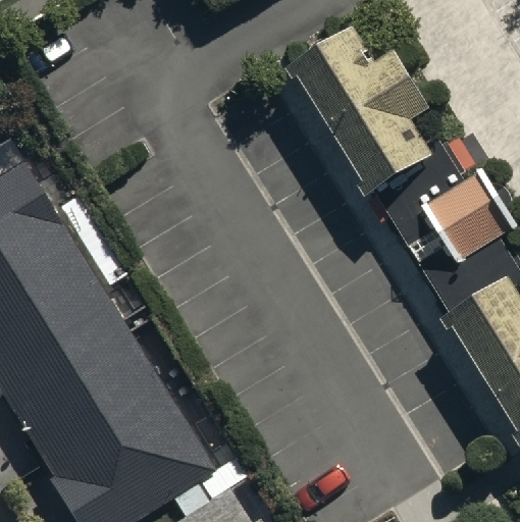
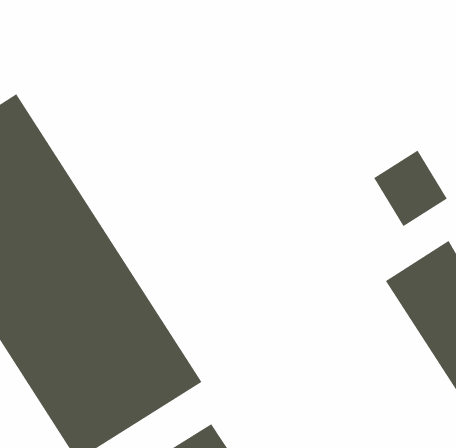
building: [283,37,425,200] -> none

